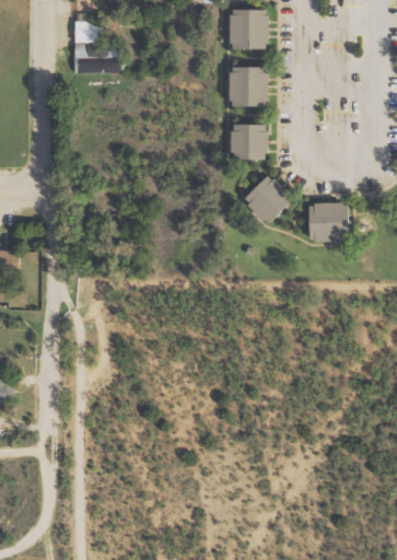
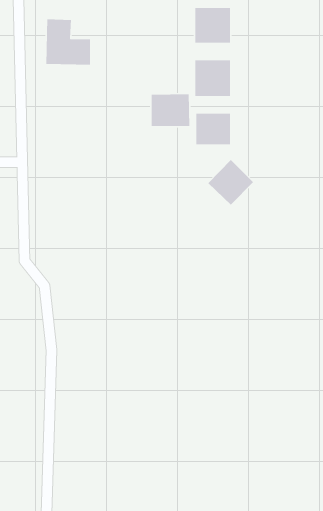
building: none -> [151,94,190,127]
building: [313,202,352,242] -> none

